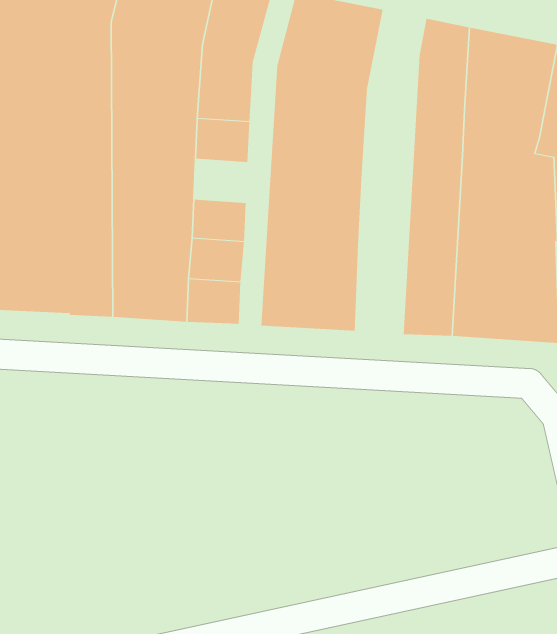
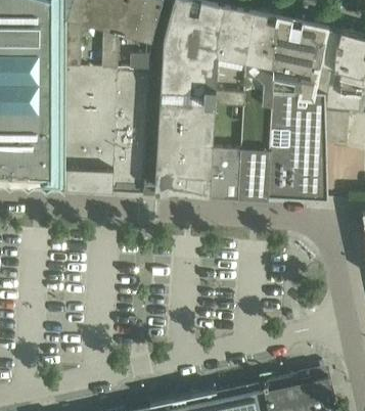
building: none -> [210,10,250,199]
building: none -> [116,97,147,123]

